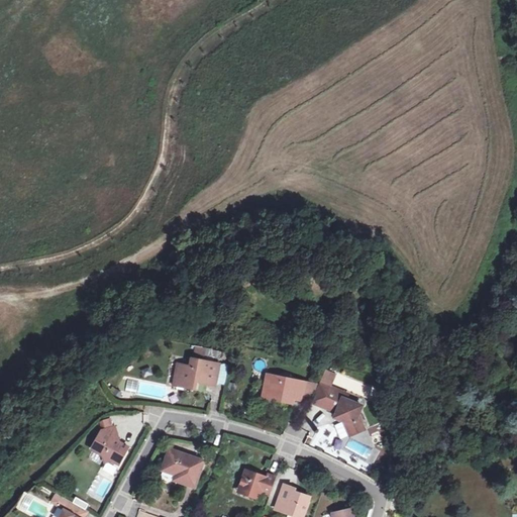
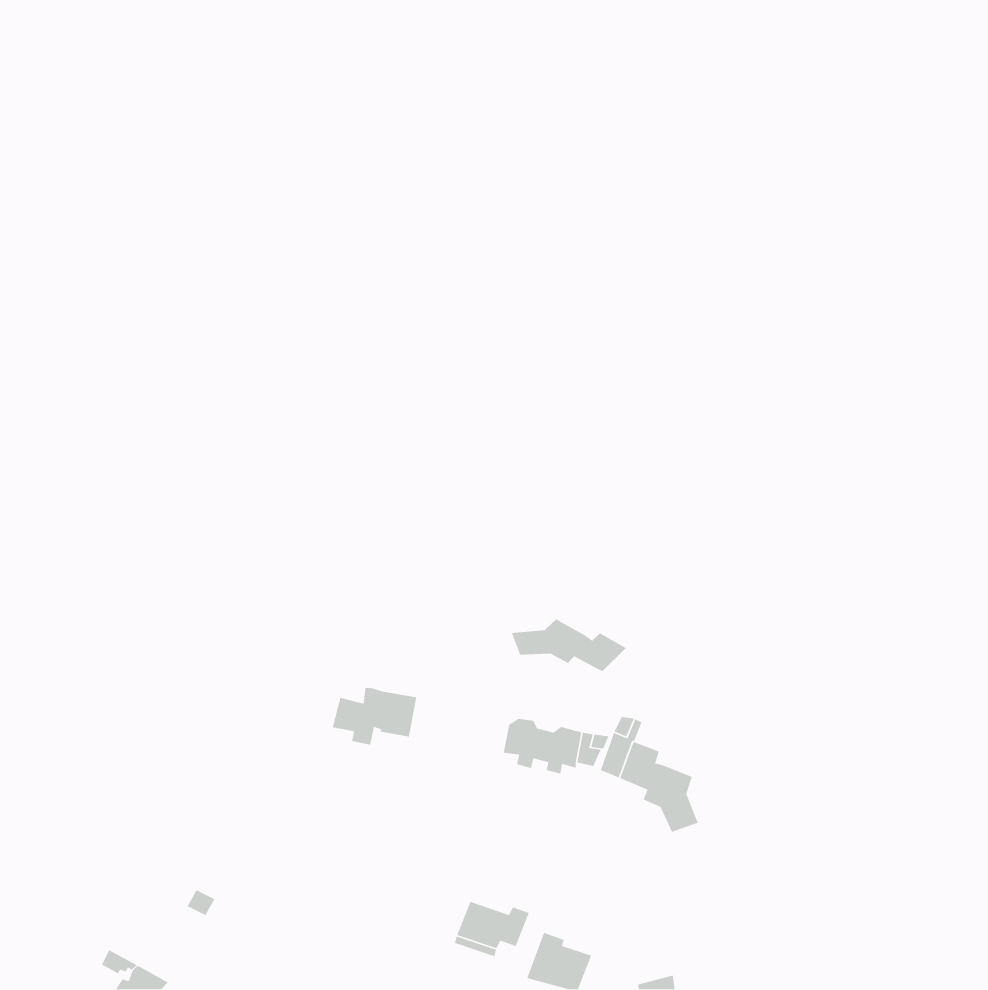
building: none -> [511,619,626,672]
building: [92,425,128,462] -> none
building: [161,447,204,487] -> none

